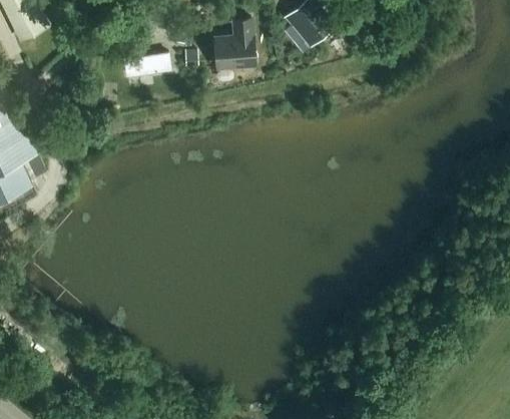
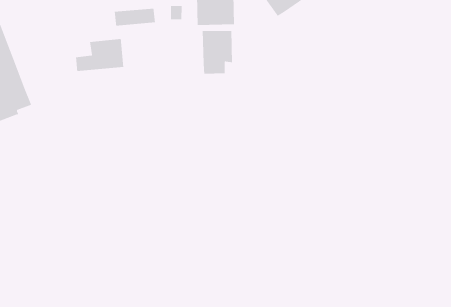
building: none -> [202,30,233,74]
building: none -> [75,38,124,72]

